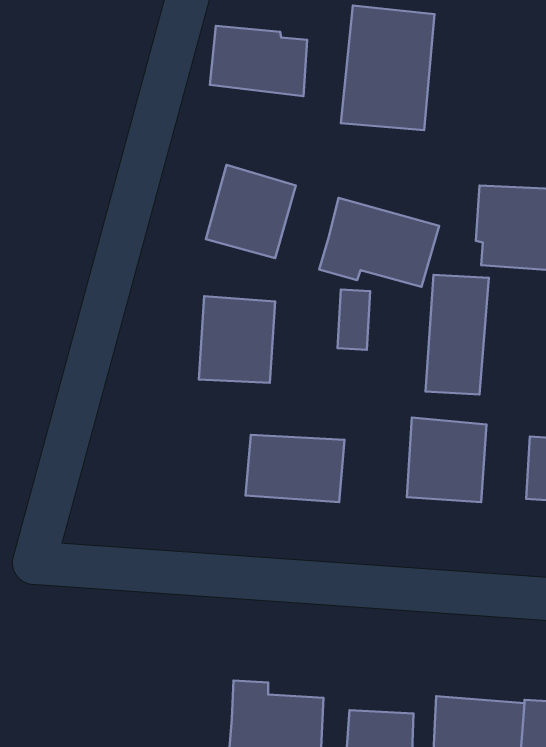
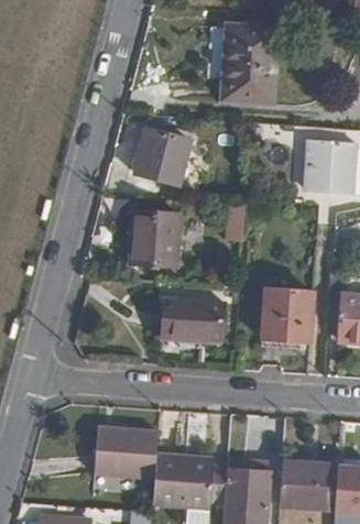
building: [210,26,307,96] -> none
building: [319,198,439,287] -> none
building: [426,275,489,394] -> none
building: none -> [89,427,155,478]

